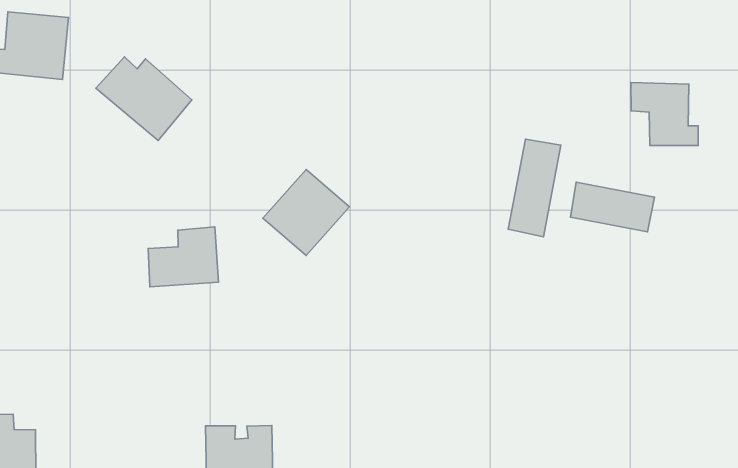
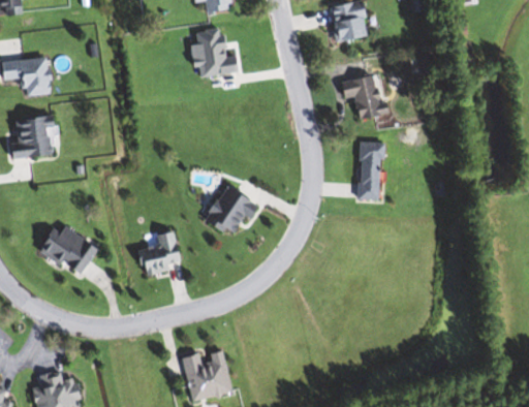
building: [96,57,192,140] -> [43,226,104,276]
building: [631,83,698,146] -> [337,77,385,120]
building: [570,182,655,232] -> none

